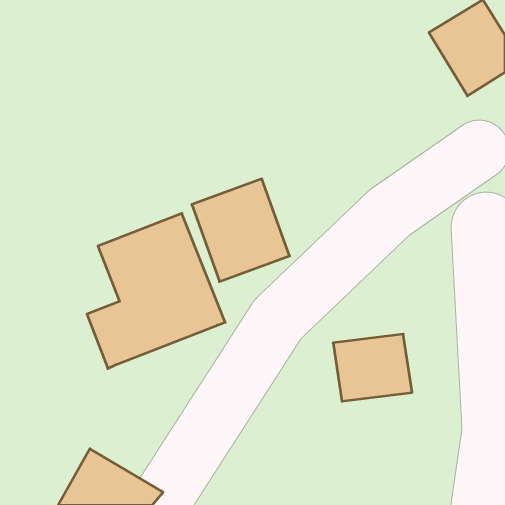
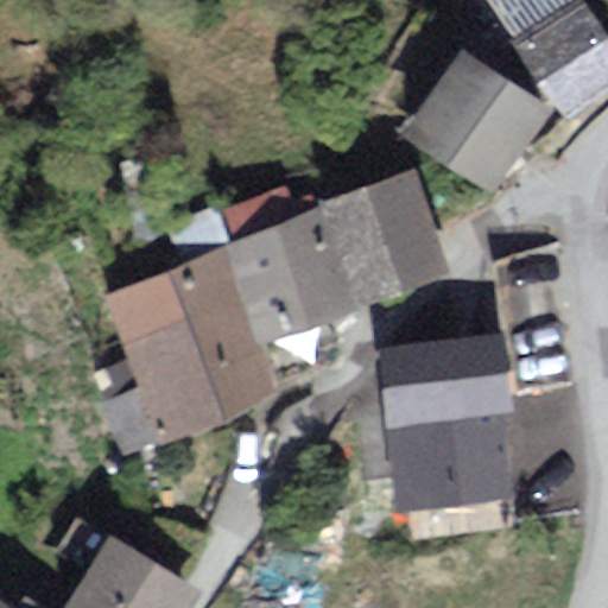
building: none -> [408,56,543,189]
building: none -> [324,175,445,300]
building: none -> [382,344,484,414]

